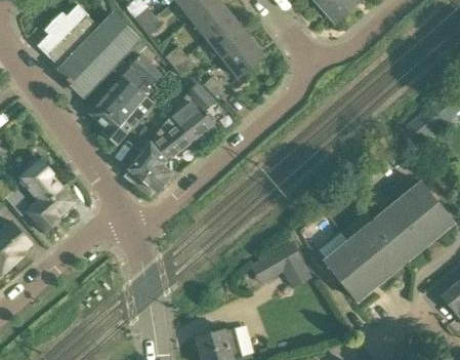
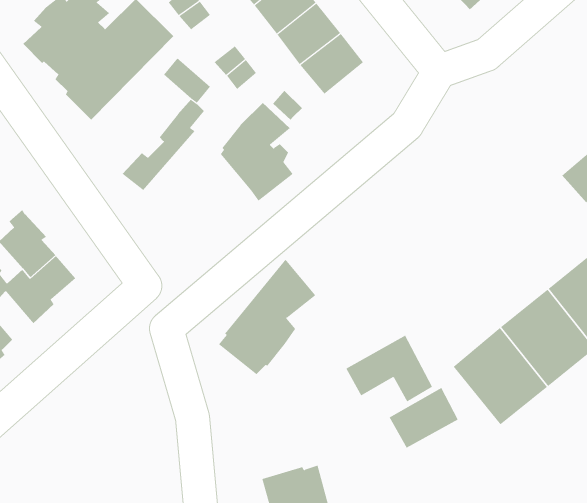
building: [90,76,140,132] -> none
building: [124,119,190,197] -> [218,258,316,375]
building: none -> [389,387,458,449]

